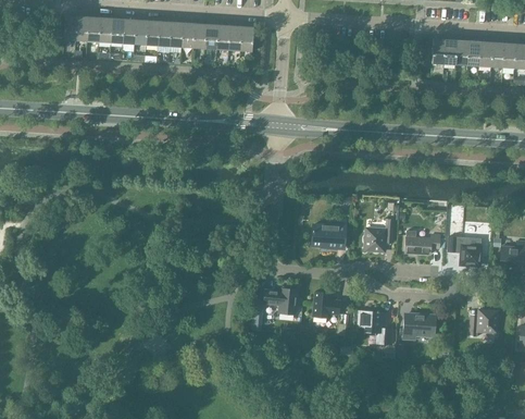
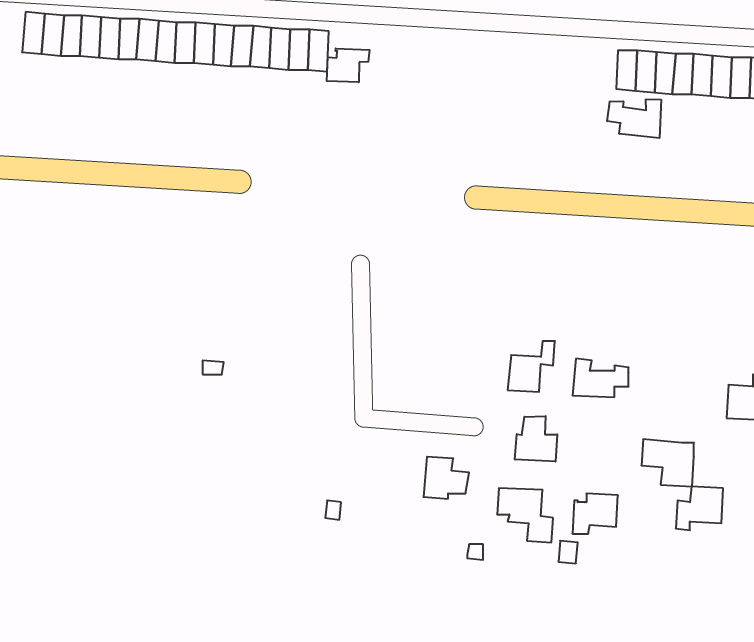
building: none -> [327,48,370,82]
building: none -> [607,99,661,138]
building: [313,218,347,248] -> none
building: [449,235,482,264] -> [641,439,694,486]
building: none -> [515,416,557,462]
building: [264,287,298,315] -> none

